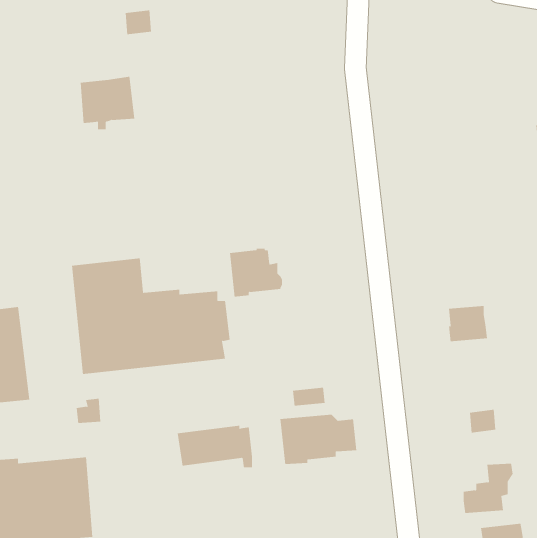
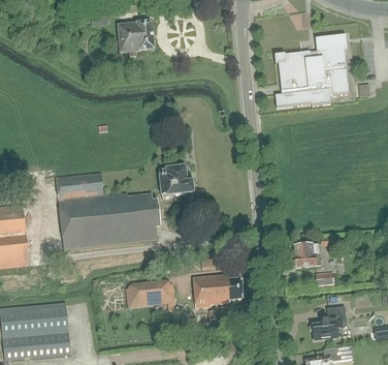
building: none -> [274,33,349,107]
building: [80,76,135,130] -> [118,20,154,55]
building: [448,305,488,342] -> [294,242,320,266]

